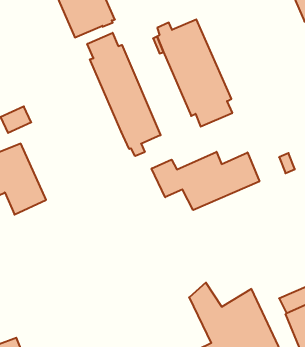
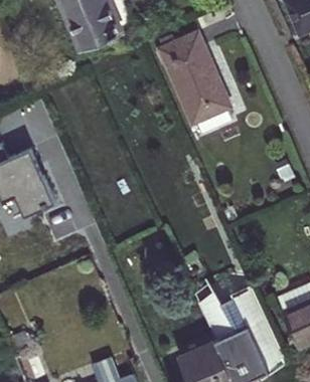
building: [87,33,161,156] -> none
building: [152,152,259,210] -> none

